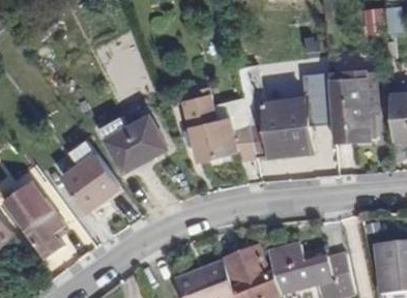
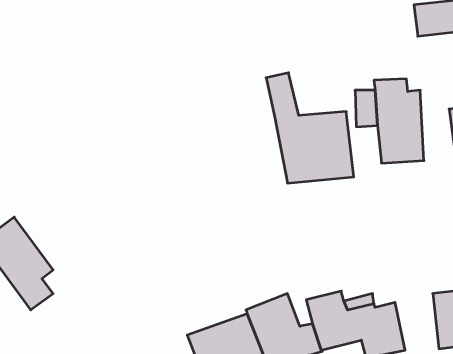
building: [185,88,257,161] -> none
building: [100,116,168,172] -> none
building: [64,140,120,209] -> none

